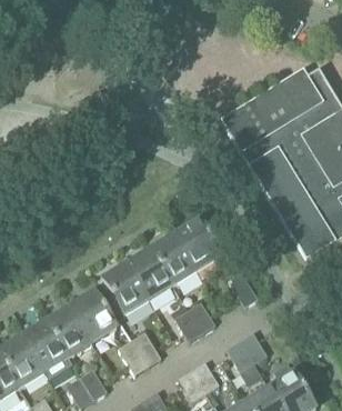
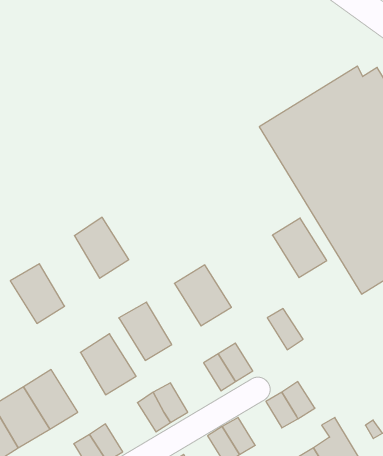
building: [175,219,221,269] -> [272,218,327,278]
building: [127,249,172,300] -> [74,217,129,278]
building: [47,307,92,357] -> [10,264,65,323]

